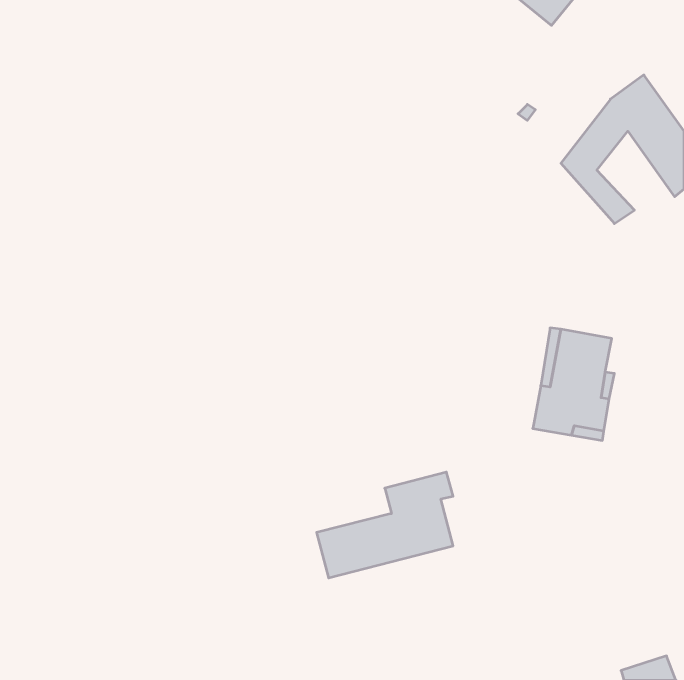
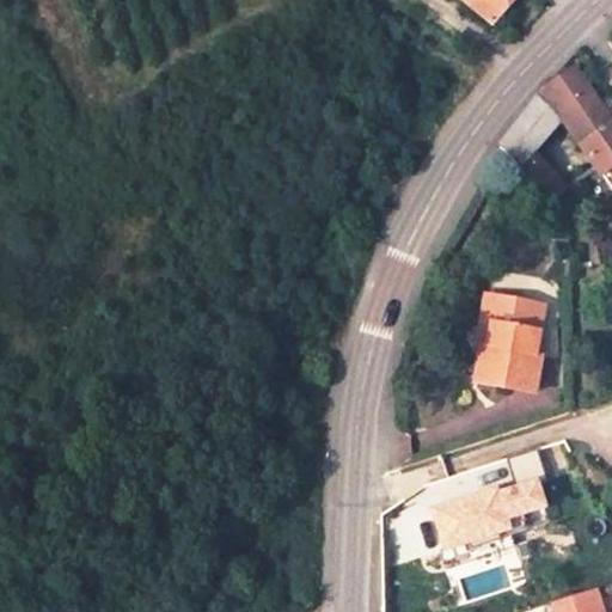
building: [317,472,453,578] -> [417,453,539,547]

